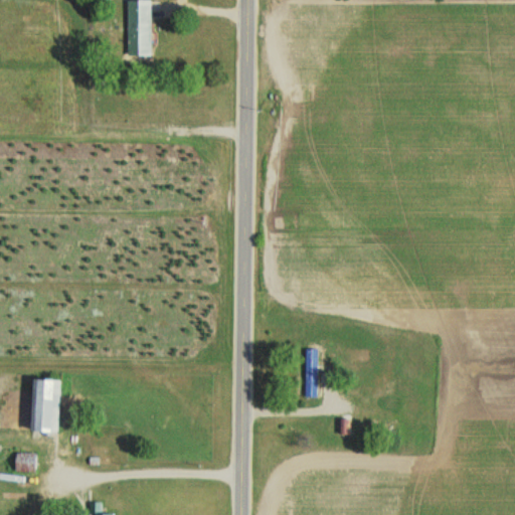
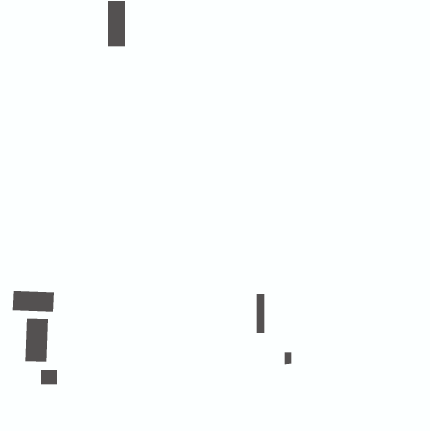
building: none -> [12,290,55,313]
building: [16,453,37,472] -> [40,369,58,385]

